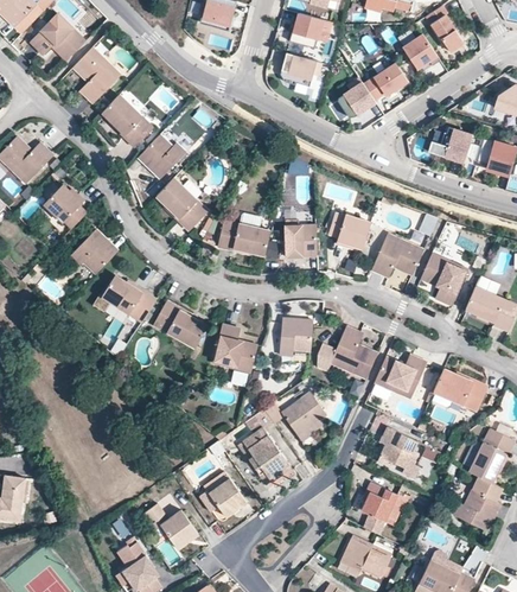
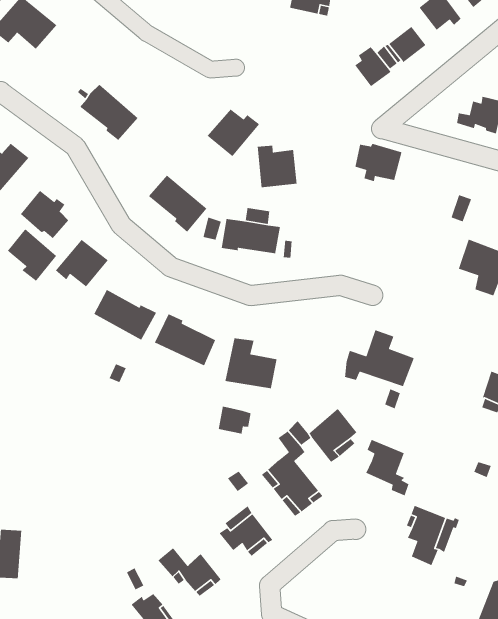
building: [74,47,120,102] -> none
building: [280,52,320,87] -> none
building: [138,135,185,178] -> [207,108,260,157]
building: [327,212,370,247] -> [354,143,402,182]
building: none -> [7,228,57,282]
building: [283,218,317,255] -> [257,145,297,188]
building: [371,233,423,276] -> none
building: [277,317,312,355] -> none
building: [375,352,425,396] -> none
building: none -> [218,406,251,435]
building: [379,426,417,478] -> [365,439,410,496]
building: [339,537,390,574] -> none

